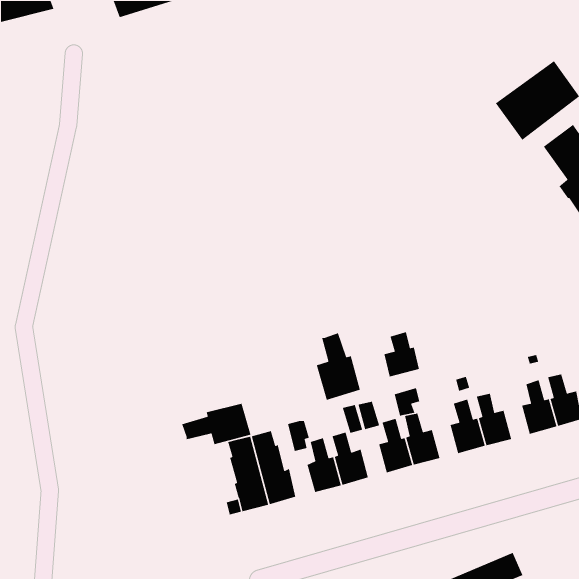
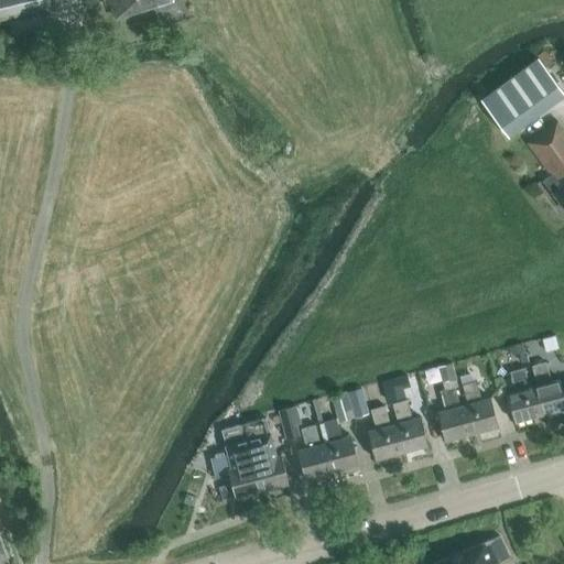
building: [383,331,420,377] -> none
building: [316,332,361,401] -> none
building: [181,403,251,445] -> none

